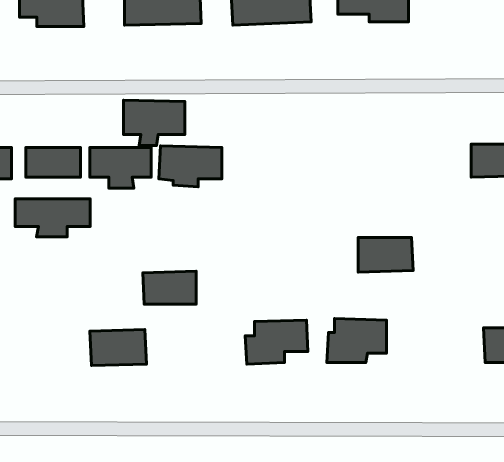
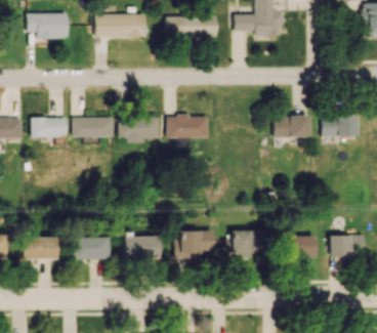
building: [124,100,185,146] -> [168,116,208,145]
building: [15,199,90,237] -> none
building: [358,238,413,272] -> [275,116,310,138]
building: [143,271,196,304] -> [126,237,161,258]
building: none -> [287,236,318,257]
building: none -> [22,238,57,260]

